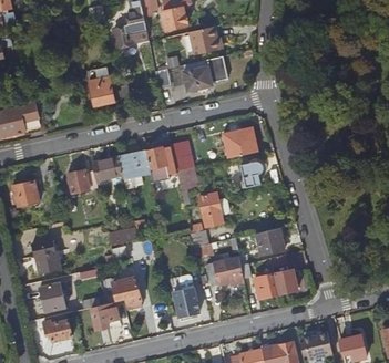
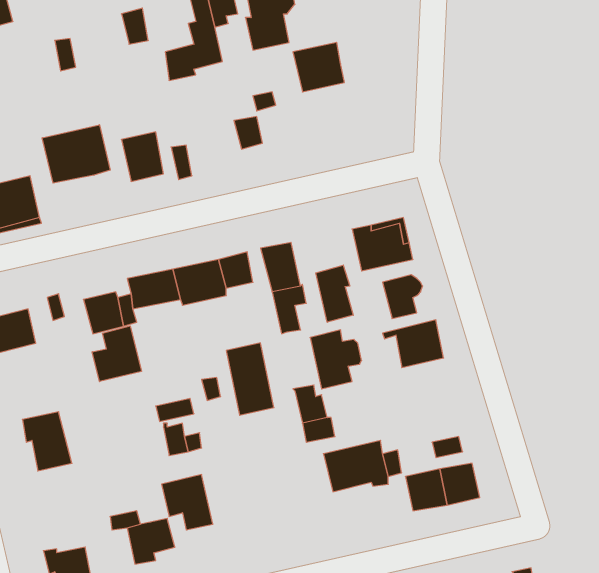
building: [183,56,227,91] -> none
building: none -> [42,125,110,183]
building: none -> [316,265,353,322]
building: none -> [92,326,141,382]
building: [248,227,284,255] -> [383,320,444,368]
building: [171,274,198,317] -> [226,343,274,415]
building: [39,283,65,312] -> none

